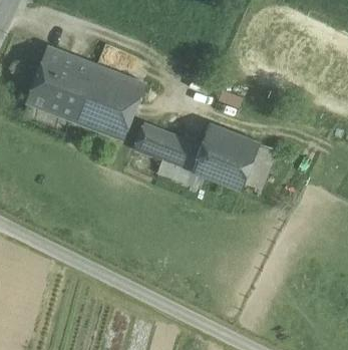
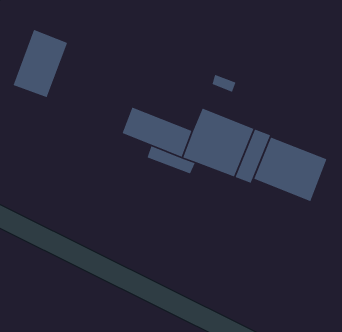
building: [60,60,141,137] -> none
building: none -> [253,137,327,202]

